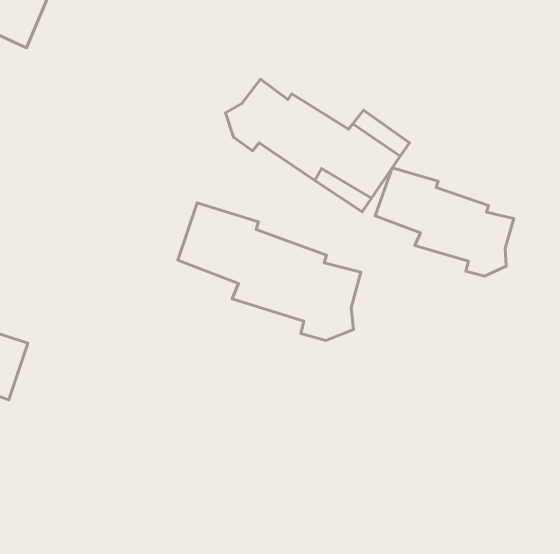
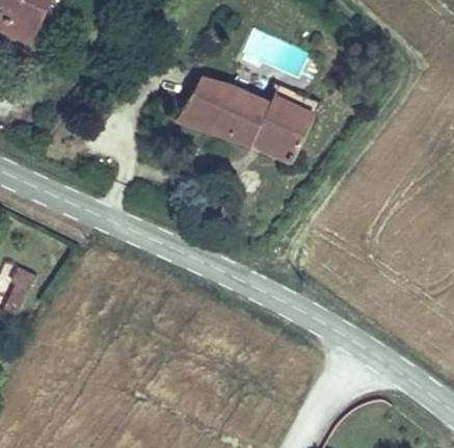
building: [375,168,514,276] -> none
building: [178,203,361,340] -> none

